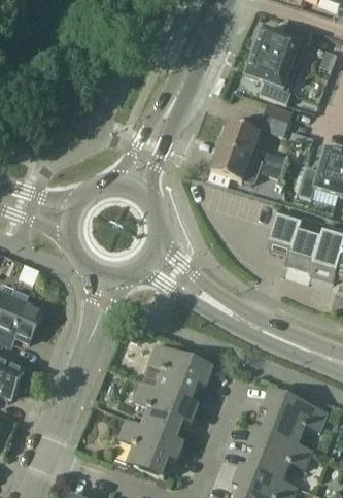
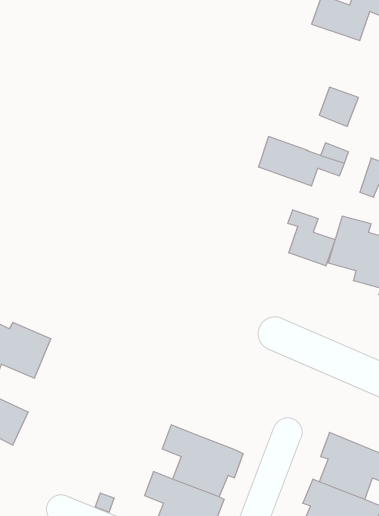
building: [247,55,296,107] -> none
building: [219,122,260,158] -> none
building: none -> [288,210,335,266]
building: [140,344,212,402] -> none

